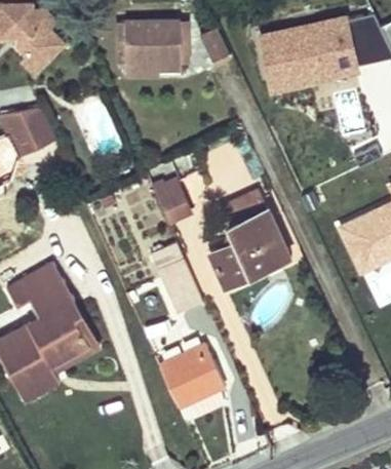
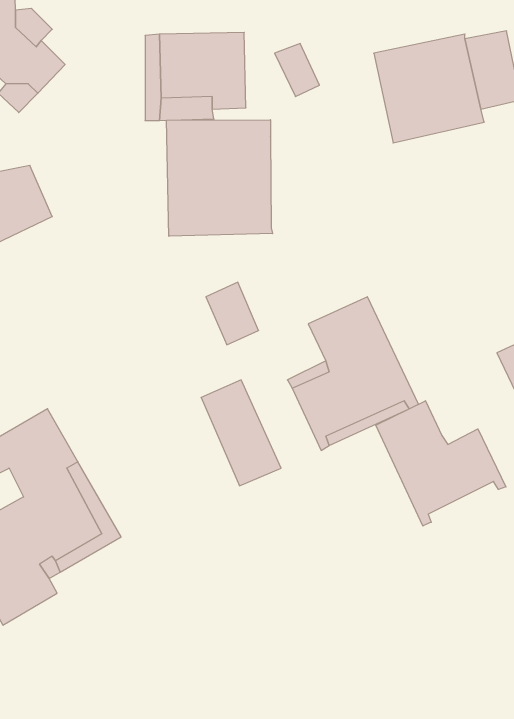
building: none -> [167,120,273,236]
building: none -> [376,401,506,526]
building: [159,345,224,406] -> none

